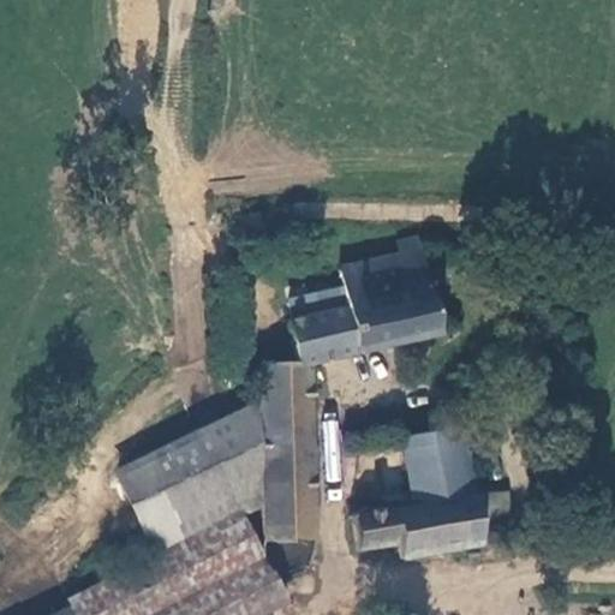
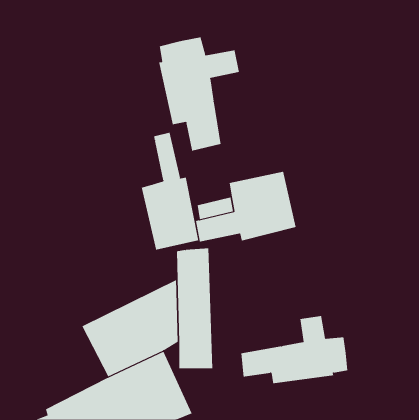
building: none -> [159,36,239,152]
building: none -> [141,132,199,251]
building: [402,429,472,504] -> none

